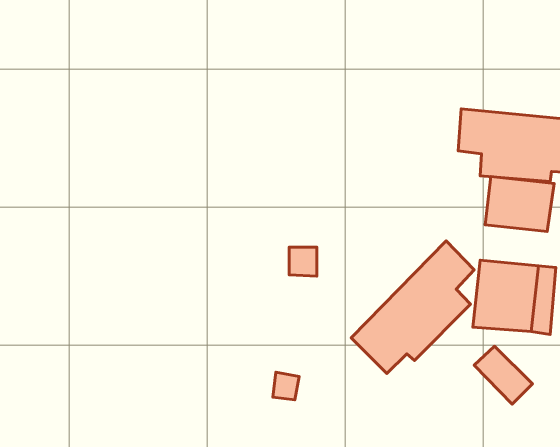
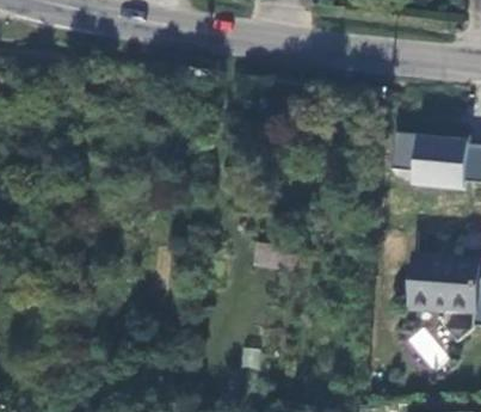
building: [485,177,554,231] -> none
building: [351,241,474,373] -> none

